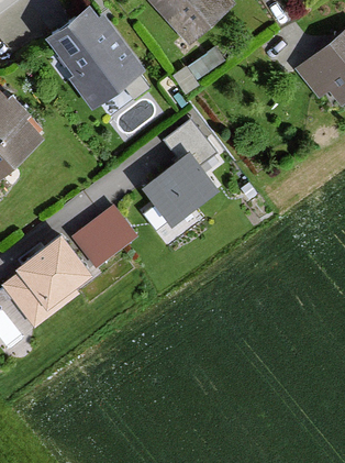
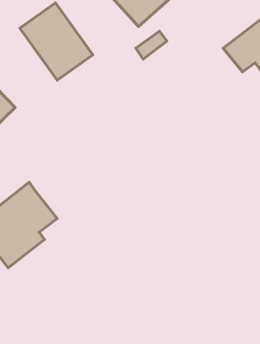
building: [142,121,218,224] -> none
building: [68,206,138,273] -> none

